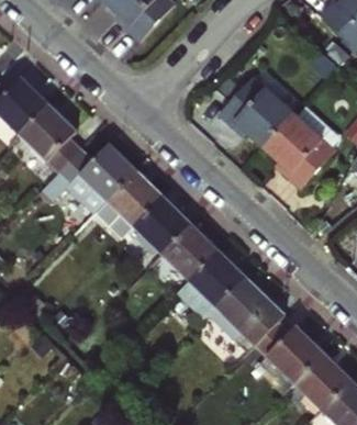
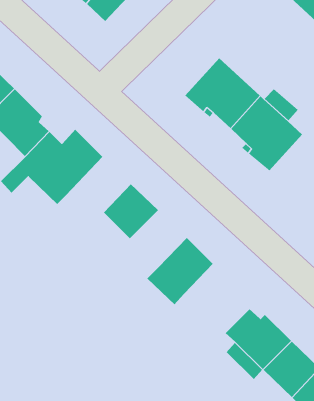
building: [101,174,165,237] -> none
building: [164,226,220,282] -> none
building: [217,279,286,356] -> none

